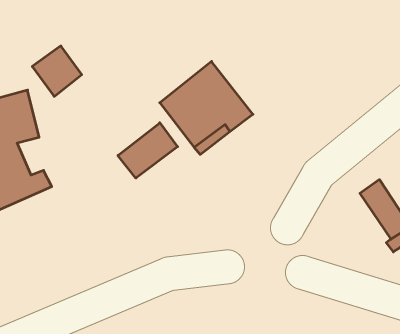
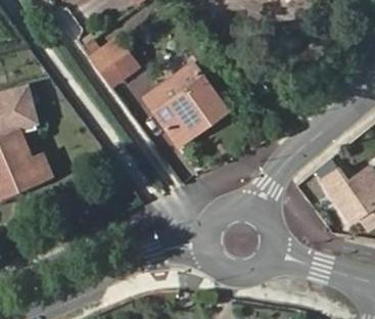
building: [32,46,82,96] -> [92,41,136,86]
building: [118,123,178,178] -> none

